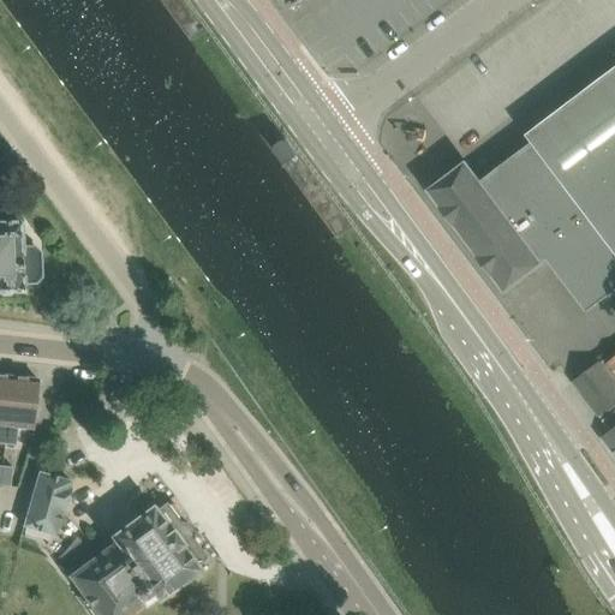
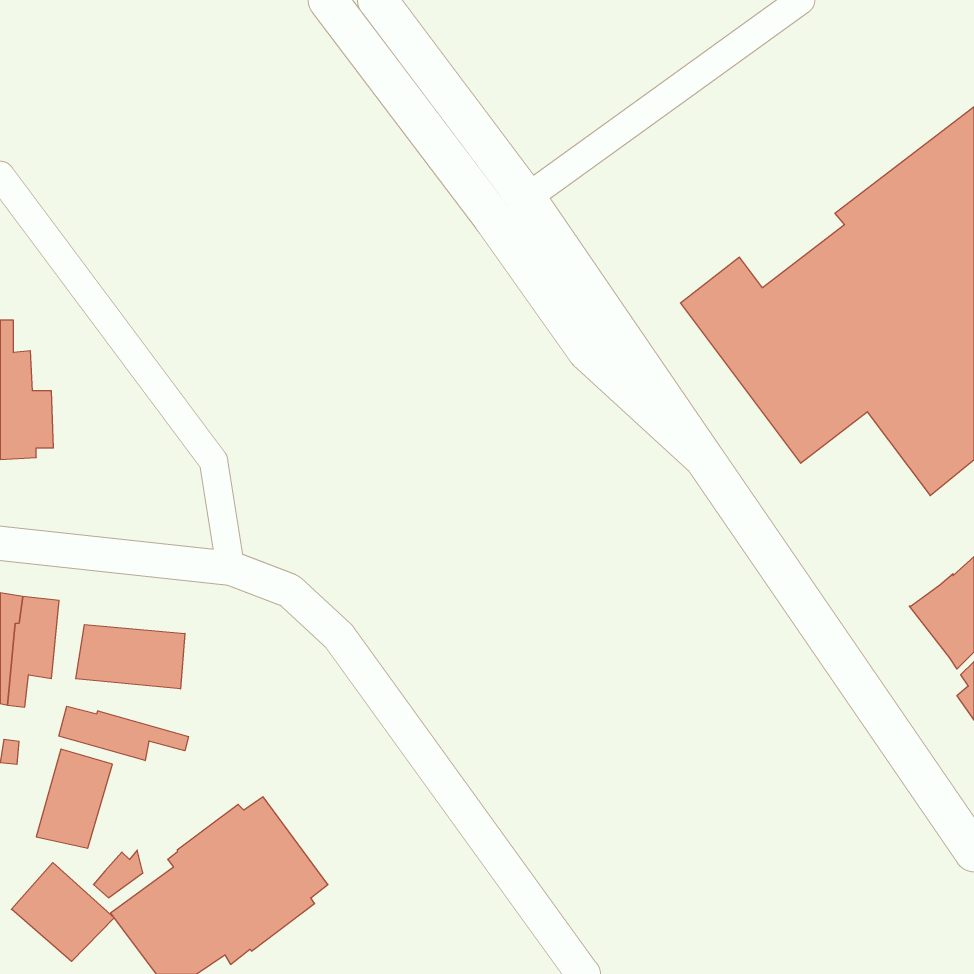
building: none -> [76,625,185,689]
building: none -> [59,706,188,761]
building: none -> [11,863,114,961]

